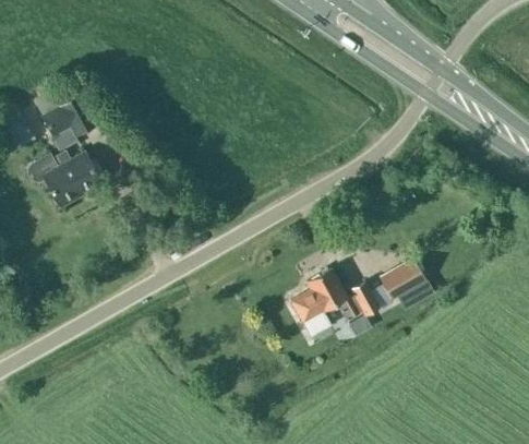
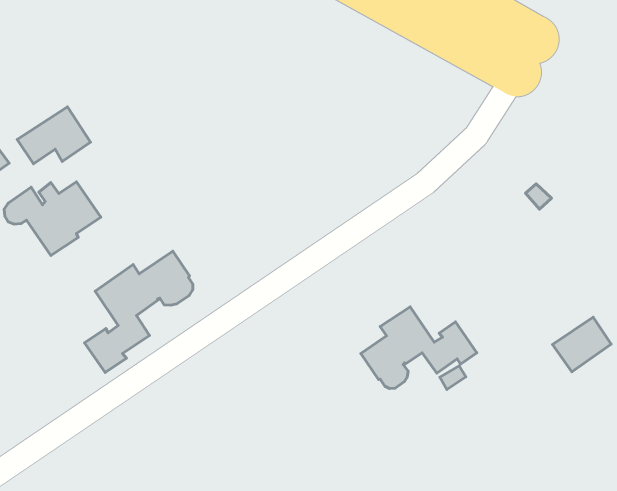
building: none -> [85,251,193,373]
building: [380,261,424,301] -> [552,317,611,372]

